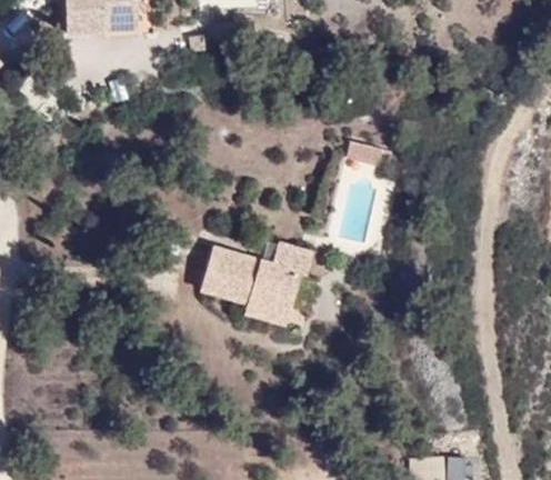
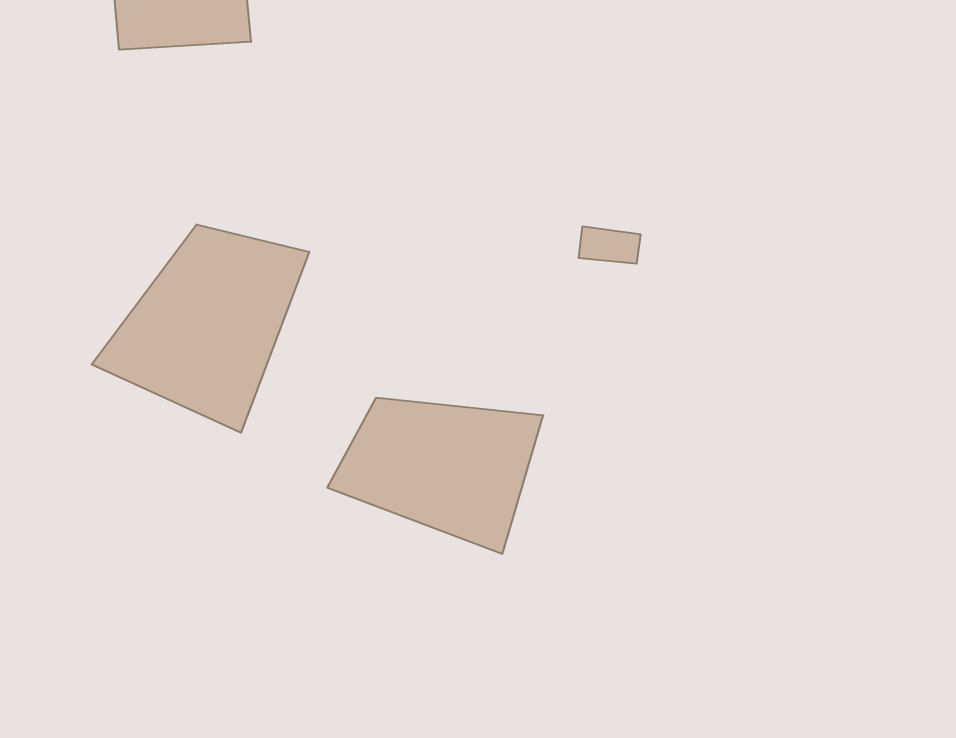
building: none -> [92,224,309,433]

